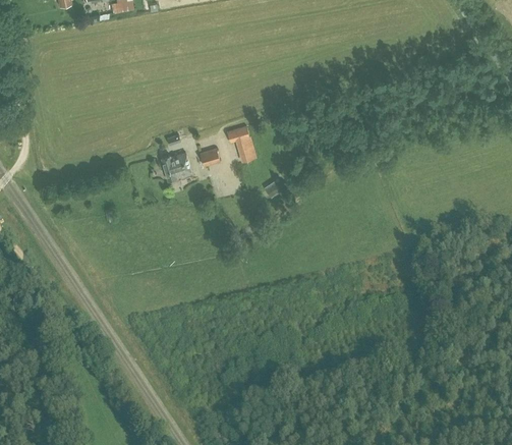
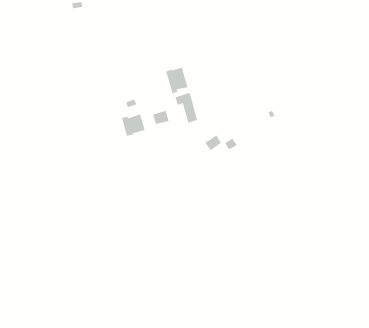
building: none -> [165,67,188,94]

